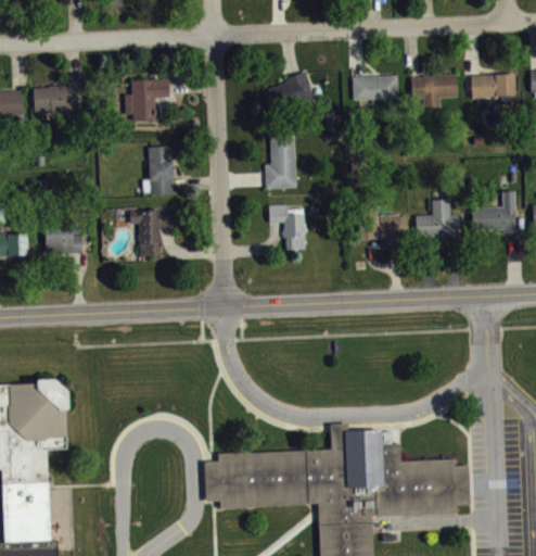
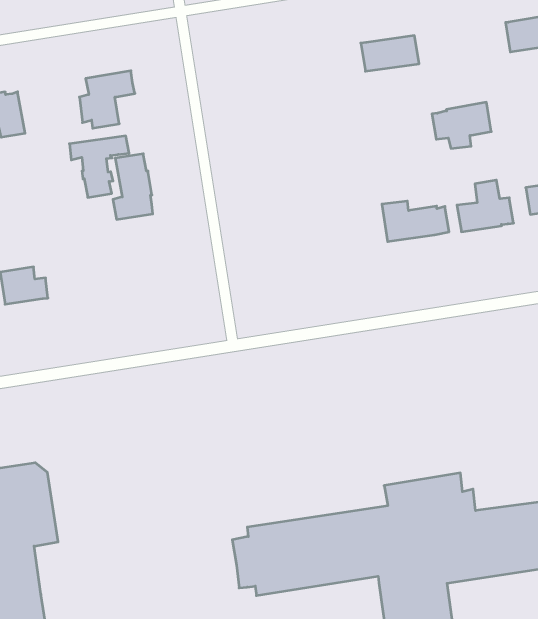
building: [264,72,315,114] -> none
building: [411,75,457,109] -> [432,102,491,148]
building: [266,136,296,189] -> none
building: [268,204,306,250] -> none
building: [130,211,177,256] -> [69,136,129,197]

